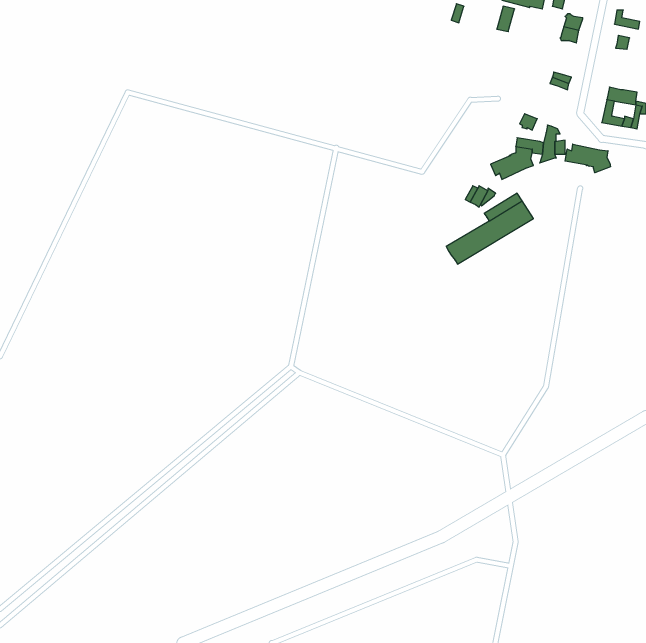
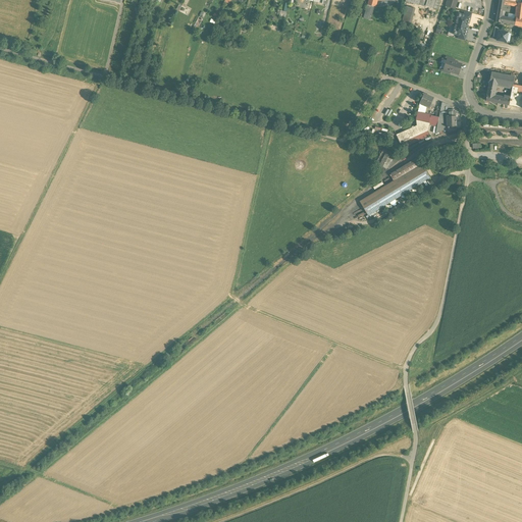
building: [565,144,611,173] -> none

